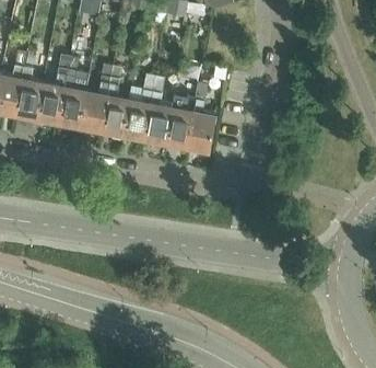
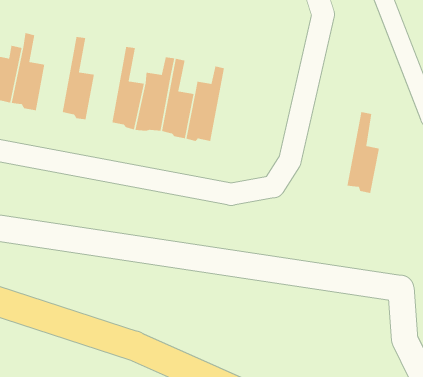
building: [37,55,71,123] -> none
building: [80,64,114,131] -> none
building: [187,83,215,154] -> [347,111,380,194]

